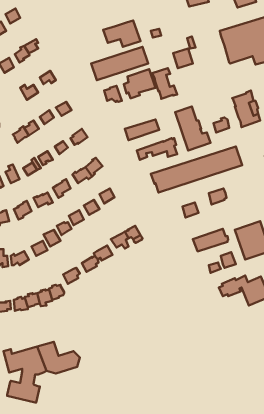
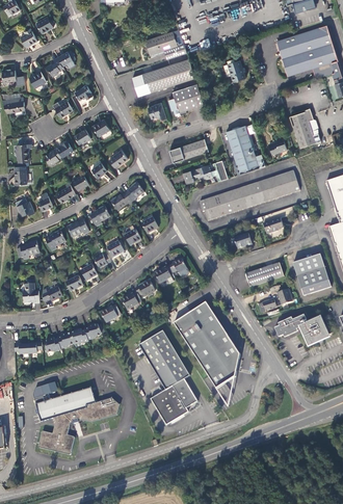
building: [152,68,177,99] -> none
building: none -> [173,300,240,388]
building: none -> [139,329,197,424]

